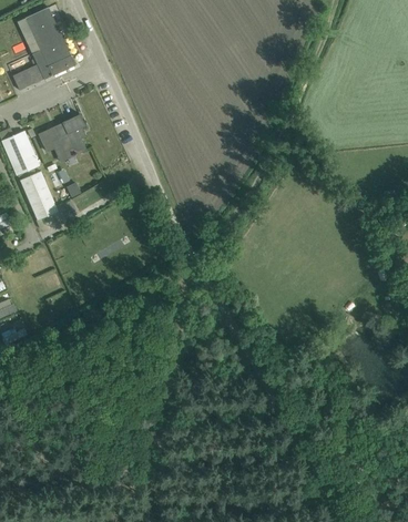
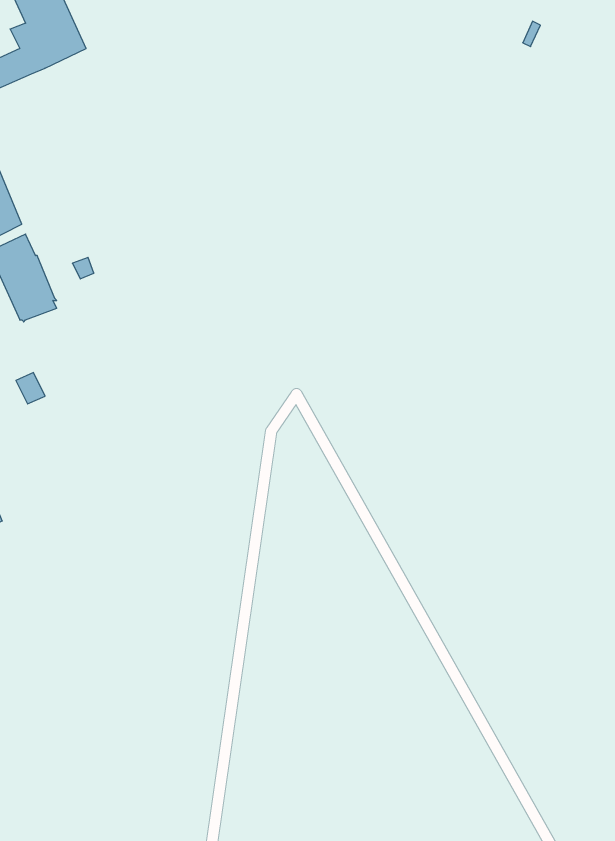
building: [38,114,85,158] -> none

